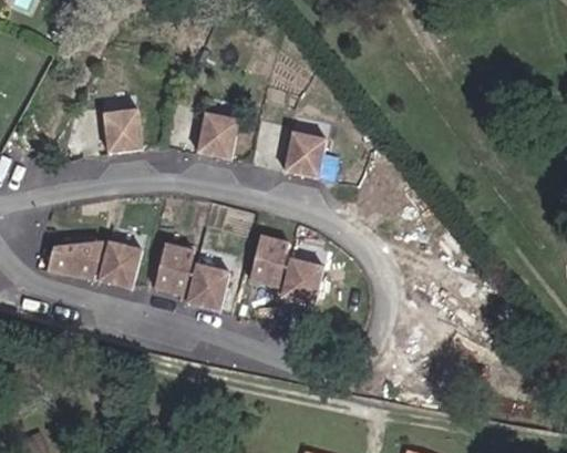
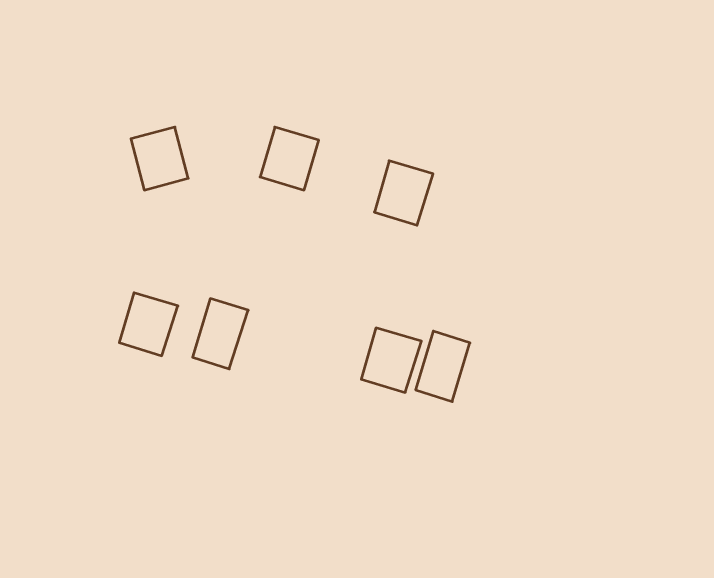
building: [42,234,99,272] -> none
building: [245,236,286,289] -> [416,331,470,402]
building: [179,261,225,310] -> none

